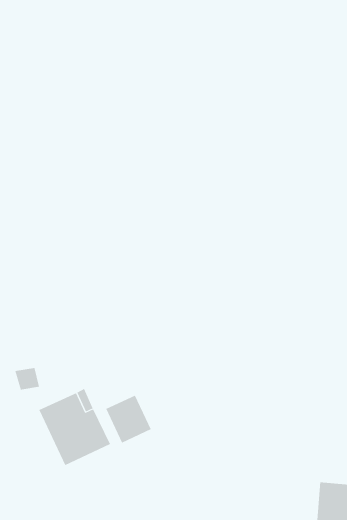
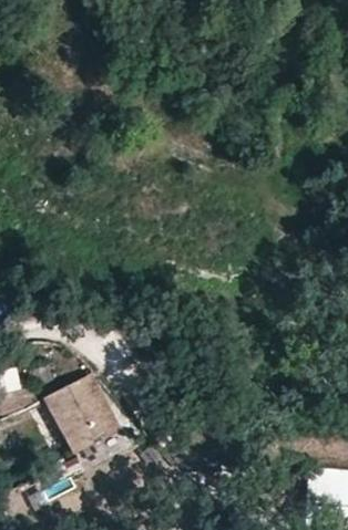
building: [106,395,151,444] -> none

